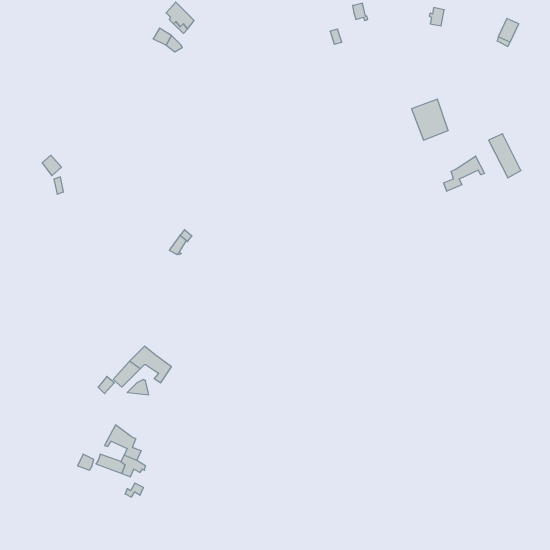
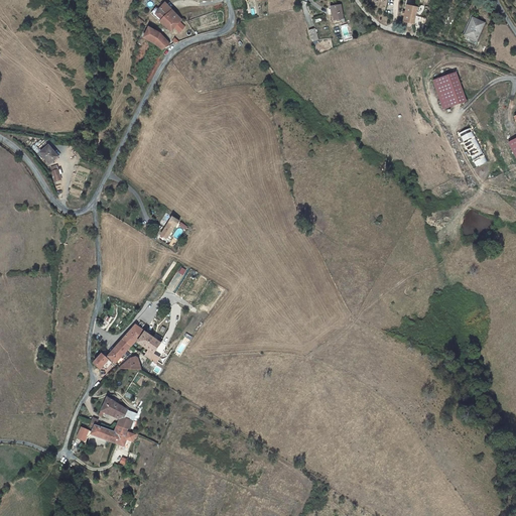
building: [412,99,448,140] -> [431,71,466,109]
building: [443,156,485,191] -> none

